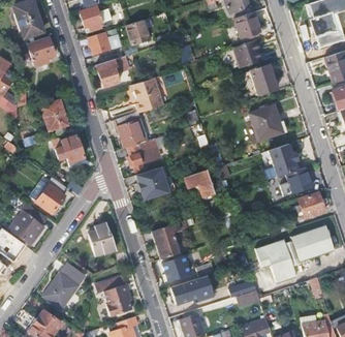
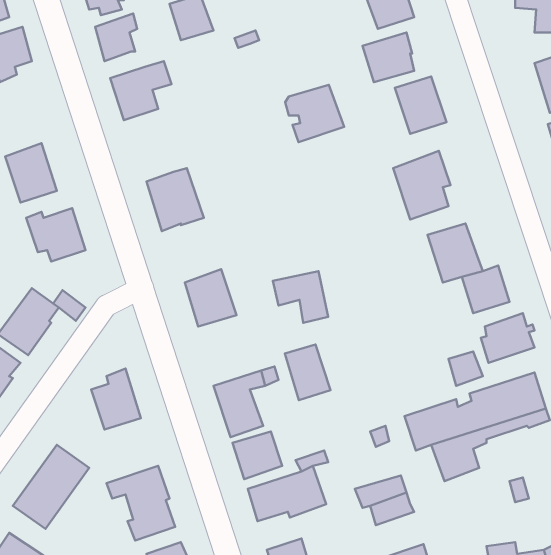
building: [131,83,163,114] -> [285,85,344,142]
building: [127,137,160,173] -> none
building: none -> [285,344,331,400]

